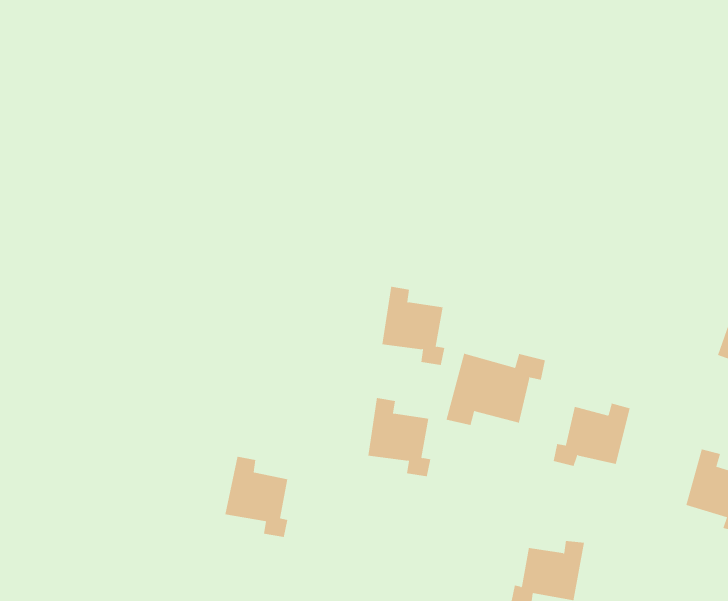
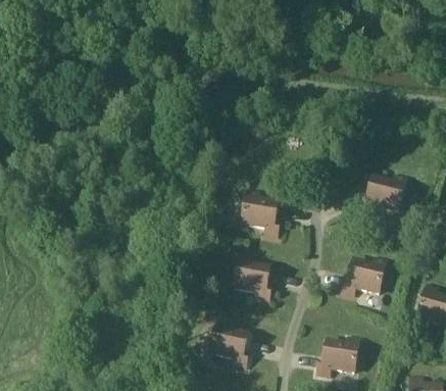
building: none -> [360,175,405,211]
building: [446,353,546,426] -> none
building: [224,456,288,538] -> [210,320,247,366]

